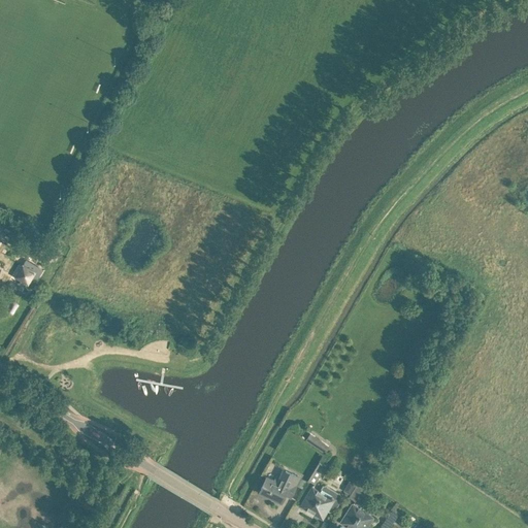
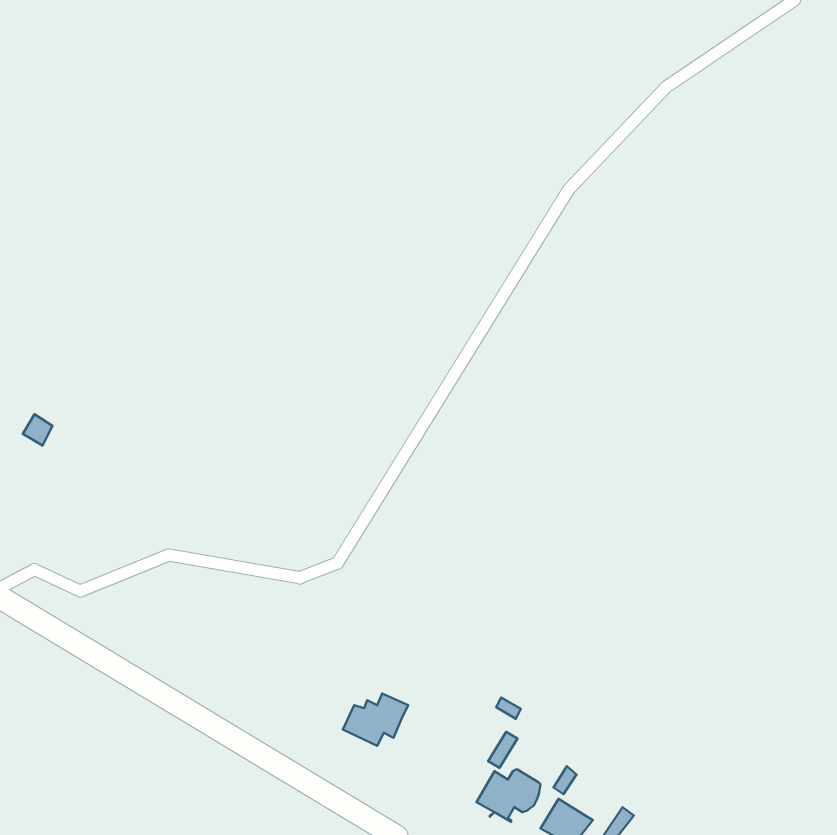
building: [259,470,300,503] -> [343,694,408,746]

